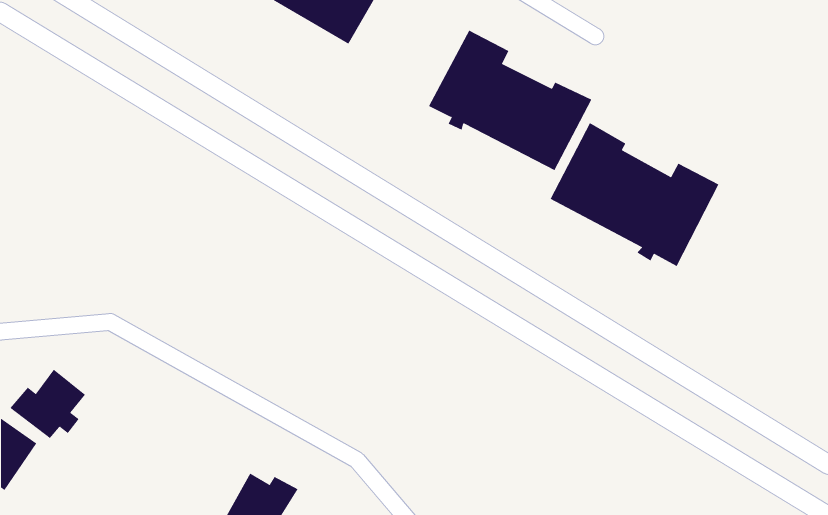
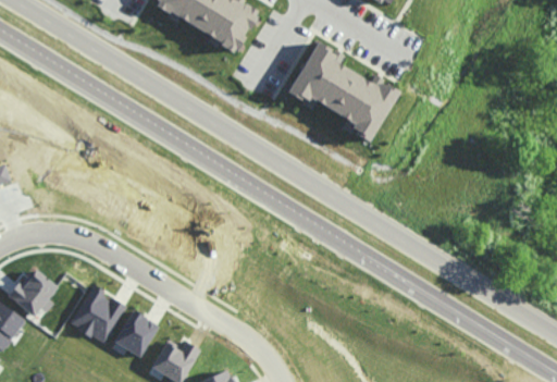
building: [550,122,719,267] -> none
building: none -> [70,283,126,344]
building: none -> [114,310,158,357]

